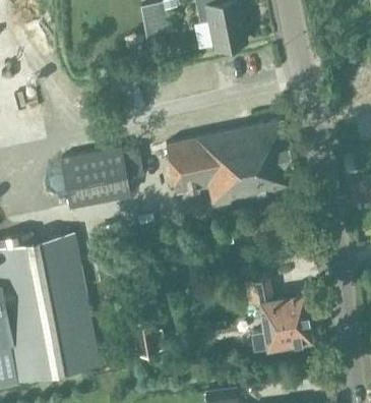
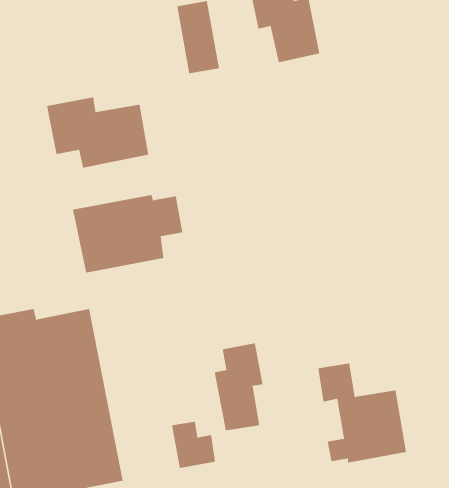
building: none -> [46,96,149,169]
building: [166,121,296,207] -> none
building: none -> [214,343,263,431]

